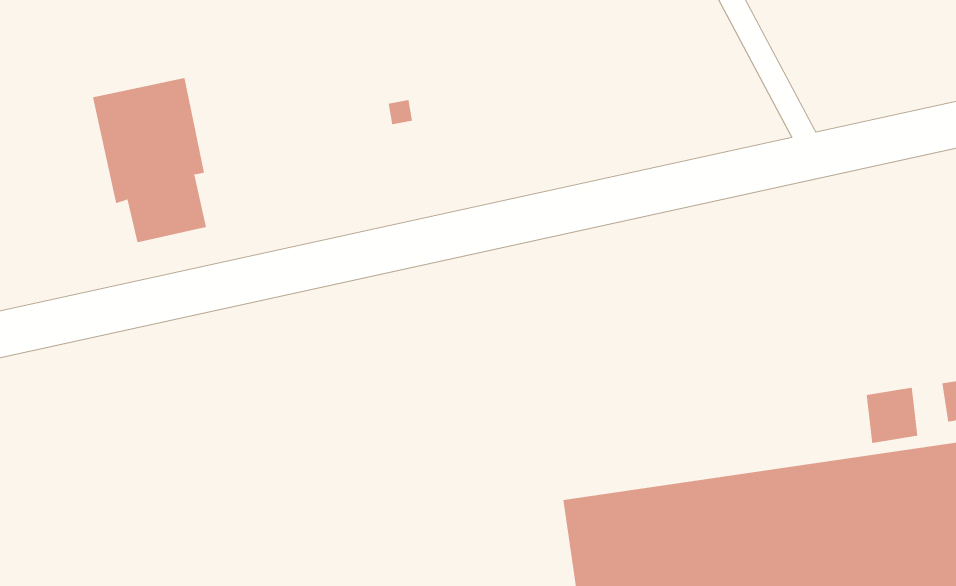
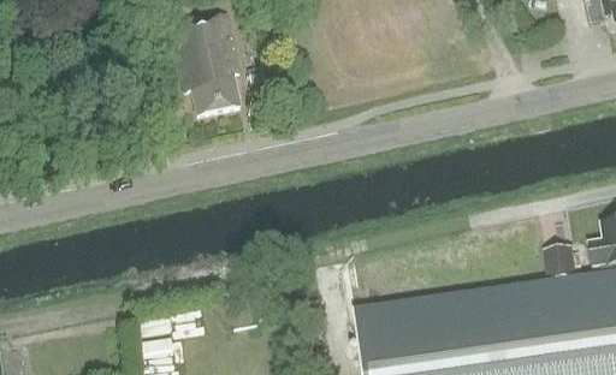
building: [92,78,207,243] -> [168,12,239,114]

